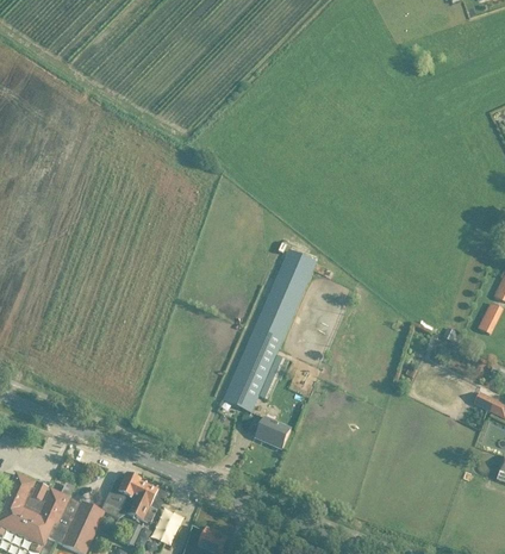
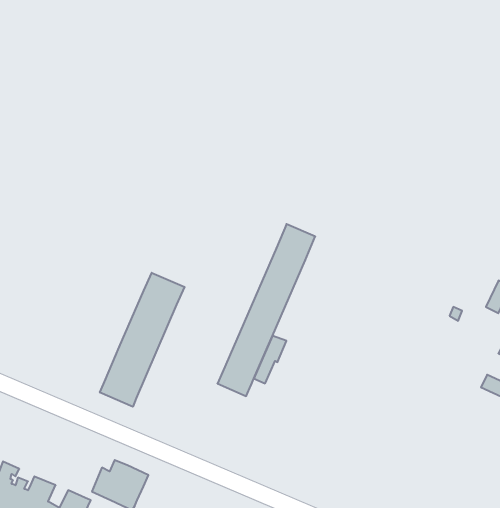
building: none -> [100,273,185,407]
building: [255,410,289,448] -> none

